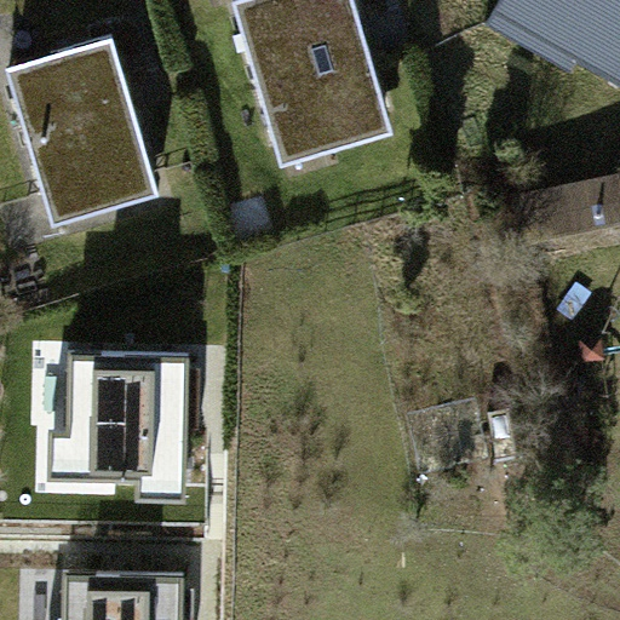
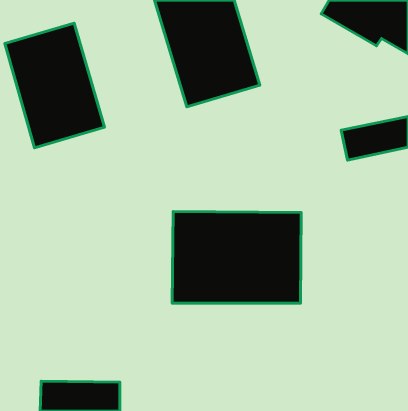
building: none -> [172,211,301,303]
building: [48,352,186,496] -> none

